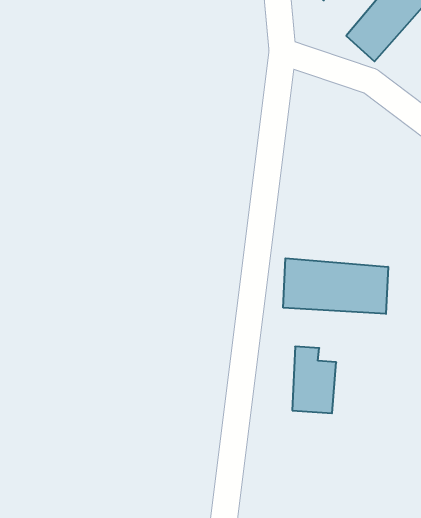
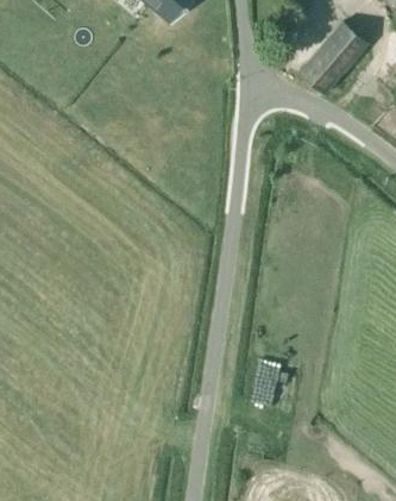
building: [283,258,388,314] -> none

